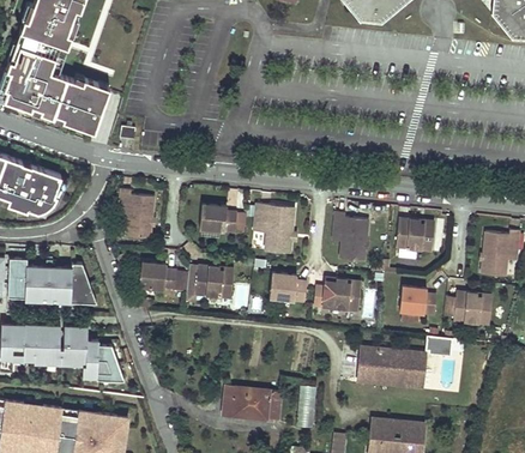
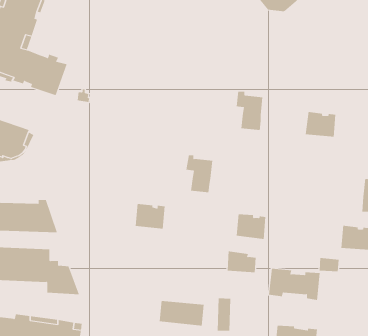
building: [120,188,155,238] -> none
building: [198,206,236,234] -> none
building: [332,215,367,264] -> [236,91,263,130]
building: [396,219,435,252] -> [305,112,336,137]
building: [137,264,175,291] -> none
building: [268,273,306,301] -> [227,251,256,273]
building: [398,288,435,315] -> none

